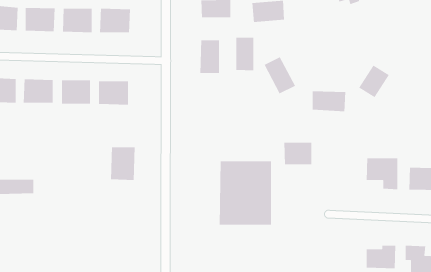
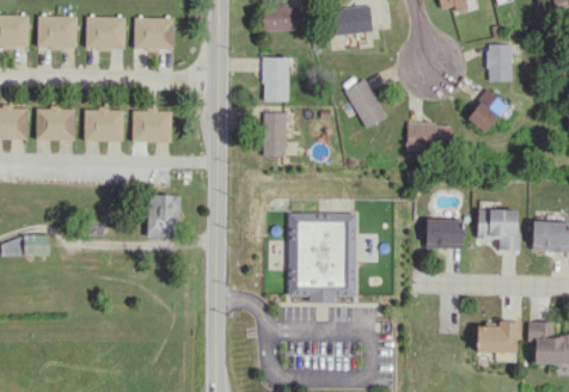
building: none -> [488,44,513,81]
building: [236,37,254,71] -> [263,112,287,157]
building: [283,142,312,165] -> [426,219,463,249]

